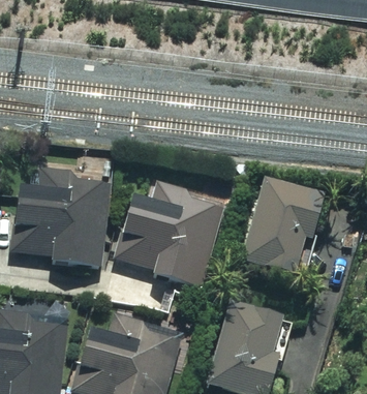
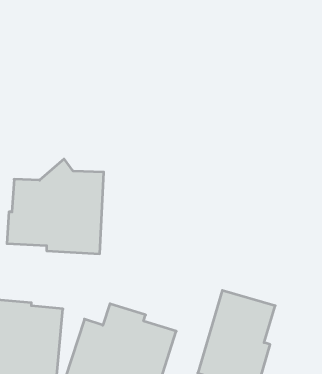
building: [240,177,324,277] -> none
building: [114,179,225,287] -> none

